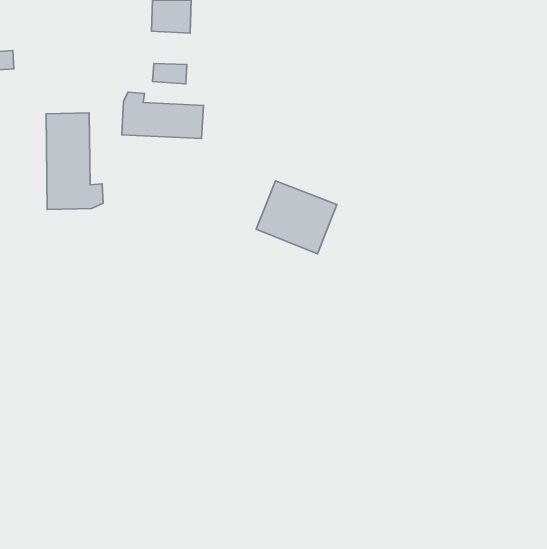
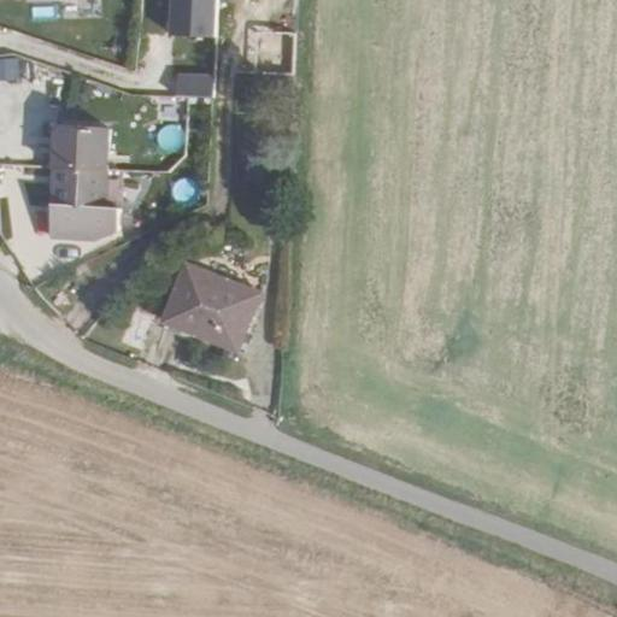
building: [122,92,203,138] -> none
building: [256,181,337,254] -> [166,265,257,347]

